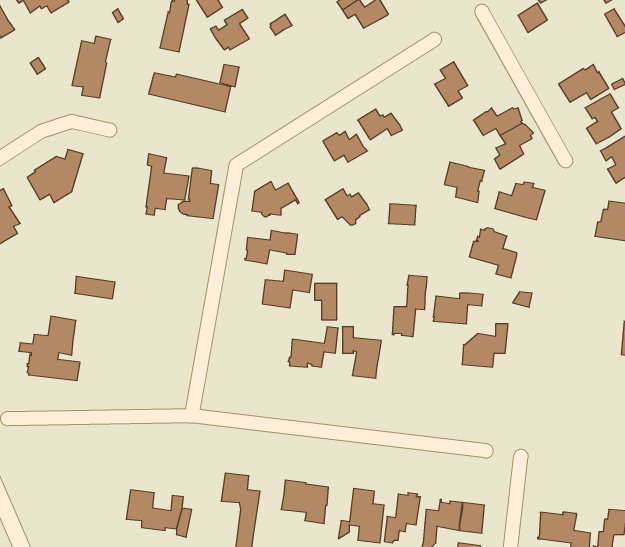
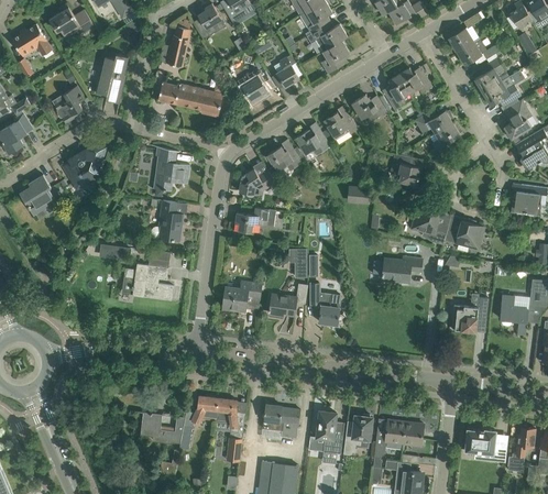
building: [210,9,249,50] -> [237,69,267,101]
building: none -> [457,37,501,64]
building: none -> [320,40,349,73]
building: none -> [273,54,298,87]
building: none -> [474,57,504,91]
building: none -> [398,67,431,92]
building: none -> [52,85,85,123]
building: none -> [351,94,386,120]
building: [178,168,219,218] -> [151,200,183,240]
building: [495,182,545,220] -> [445,219,484,249]
building: [325,189,370,225] -> [266,145,302,174]
building: [262,270,312,308] -> [222,281,262,310]
building: [393,275,427,337] -> none
building: [19,316,80,380] -> [124,249,173,299]
building: [462,324,508,367] -> [451,297,487,331]
building: none -> [501,294,528,334]
building: none -> [191,395,218,424]

